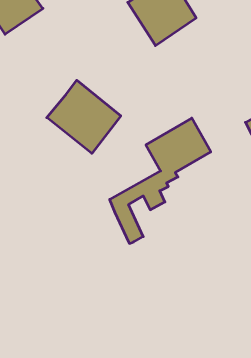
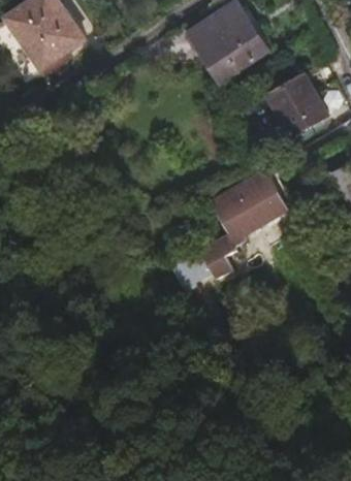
building: none -> [265,70,328,137]
building: [47,80,121,153] -> none

